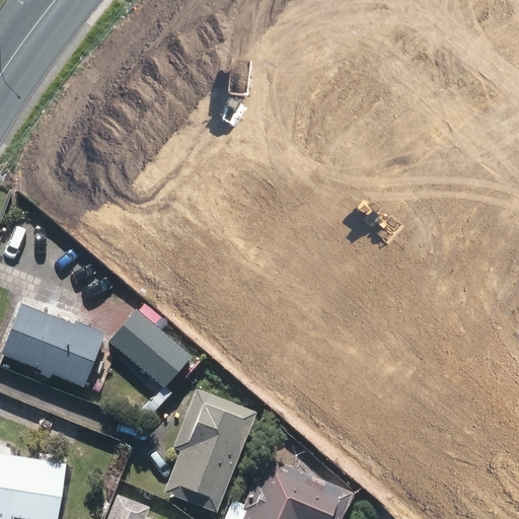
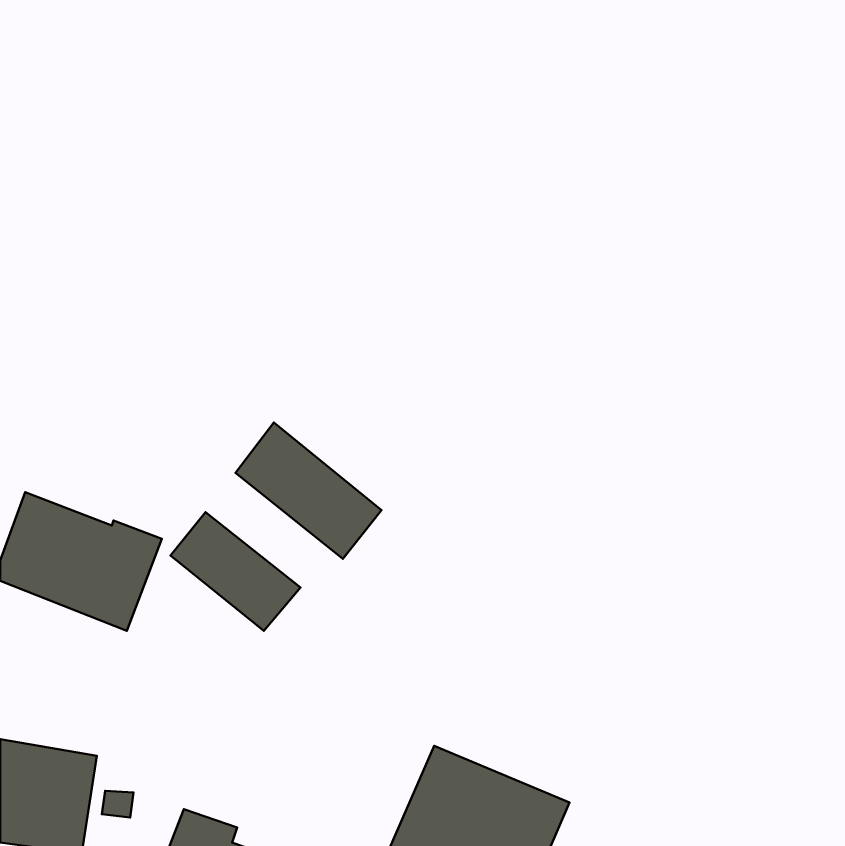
building: none -> [236,422,382,559]
building: [164,388,256,513] -> none

